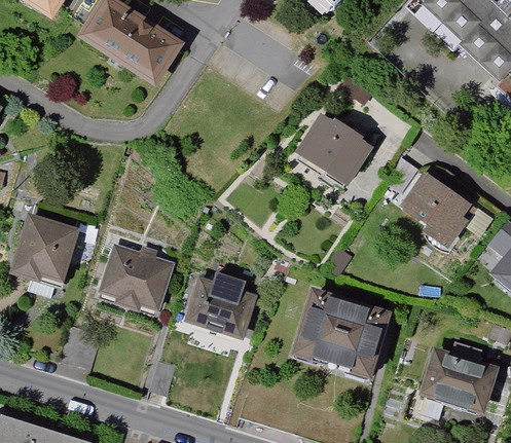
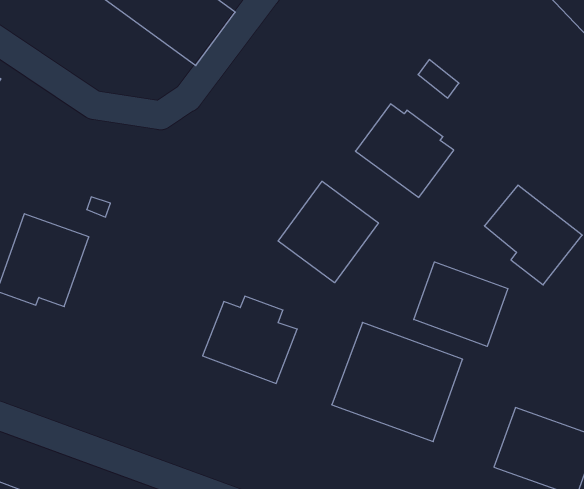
building: none -> [278,181,378,283]
building: none -> [414,262,508,346]
building: [103,245,171,311] -> none

